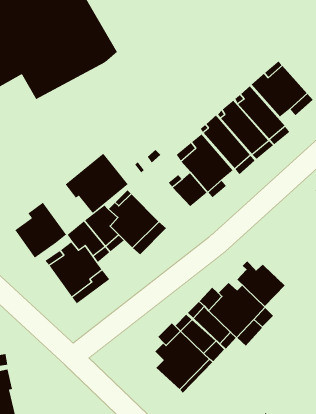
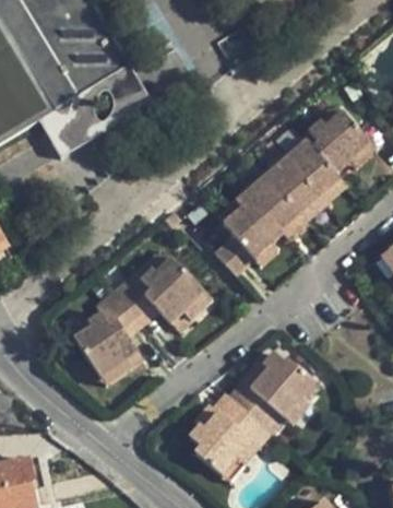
building: [65,153,128,214] -> none
building: [15,202,67,259] -> none
building: [236,261,285,307] -> none

